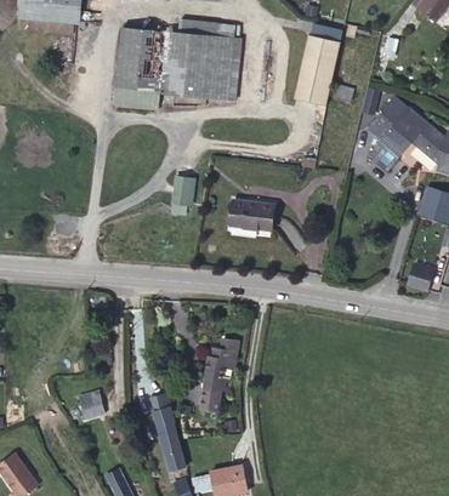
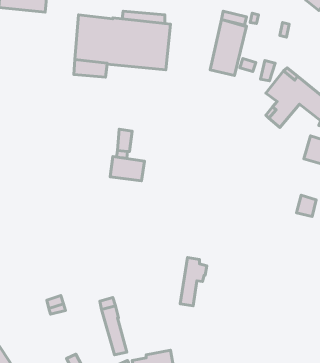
building: [229,198,274,229] -> [110,157,144,181]
building: [200,347,235,410] -> [180,257,207,306]

